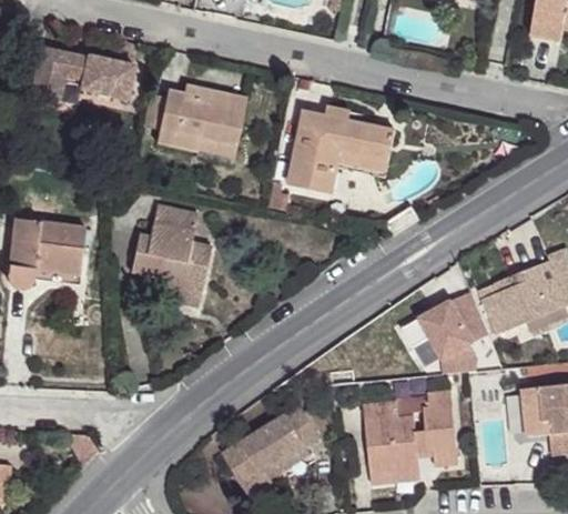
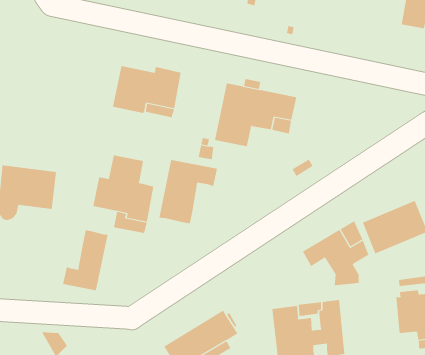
building: [32,46,133,101] -> none
building: none -> [159,159,217,224]
building: none -> [62,230,108,291]

